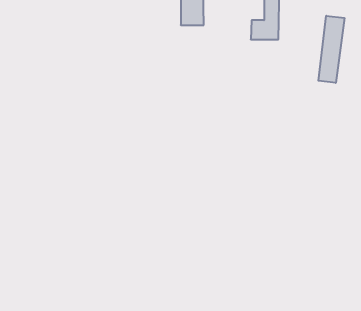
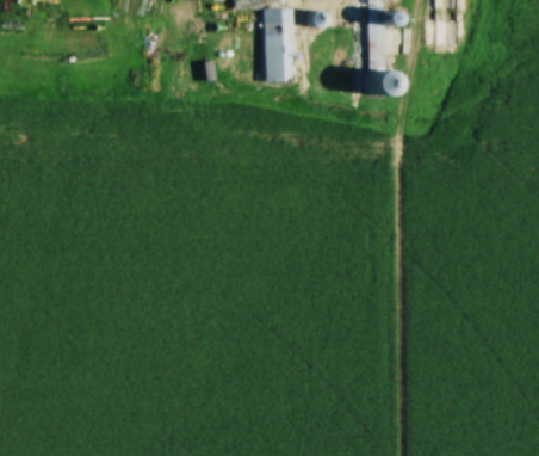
building: [318,16,344,83] -> none

